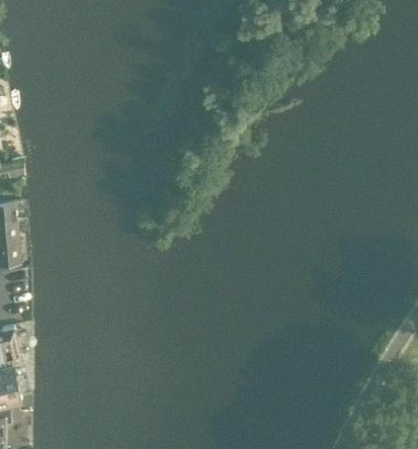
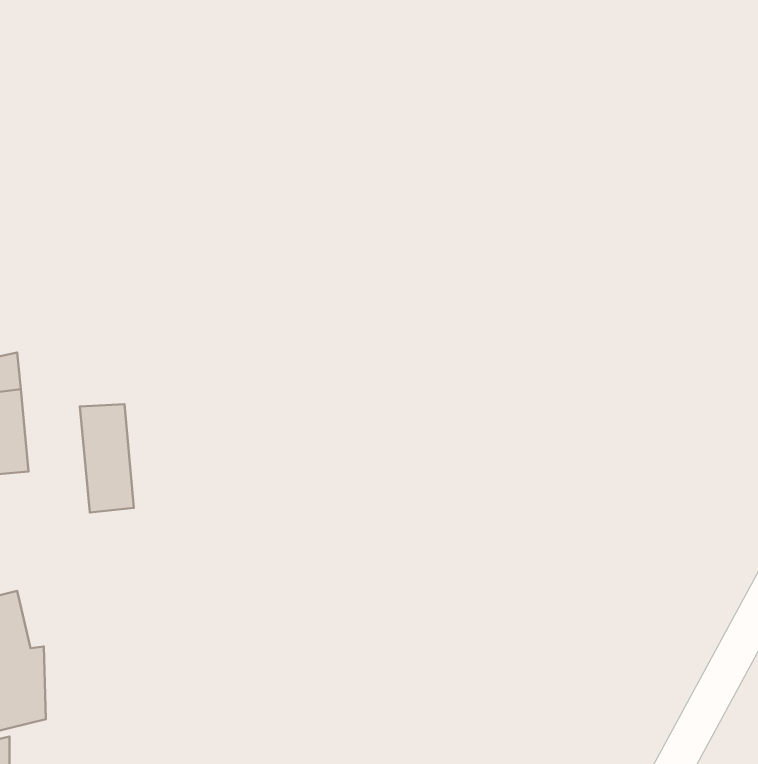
building: none -> [80,404,134,512]

